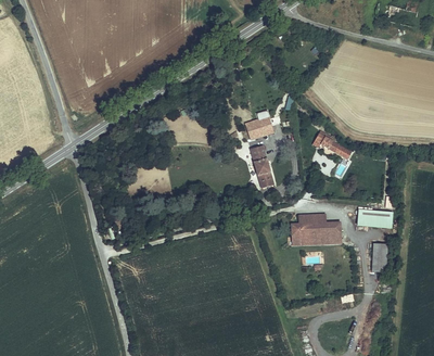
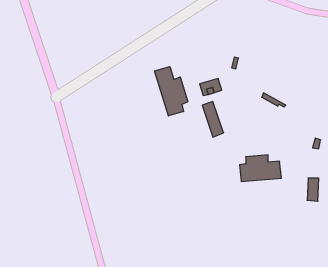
building: none -> [154,67,188,116]
building: [355,206,390,226] -> none

